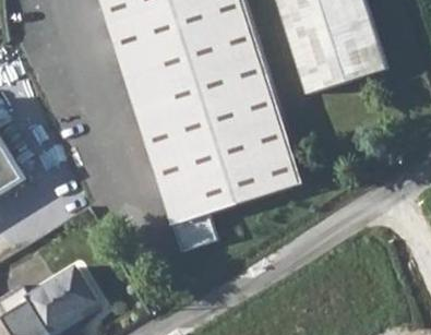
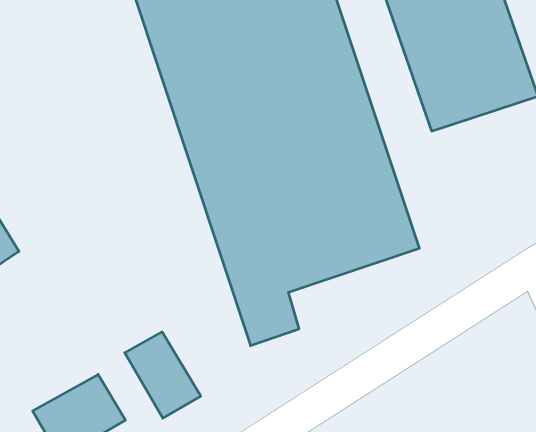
building: none -> [125,332,201,418]

